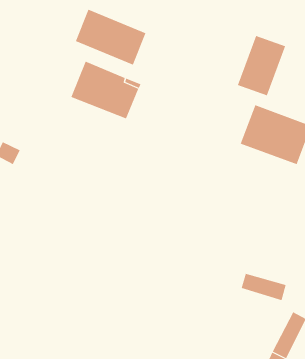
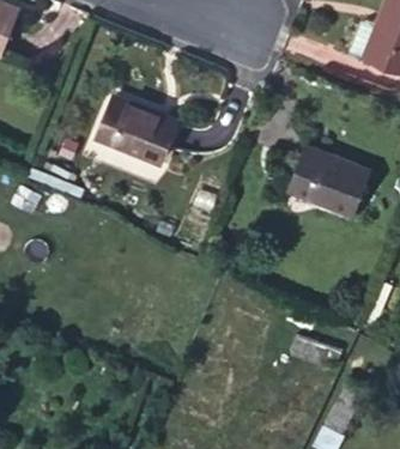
building: [75,9,146,65] -> none
building: [237,35,286,96] -> none

